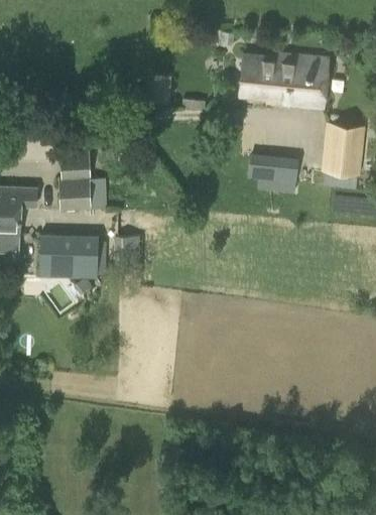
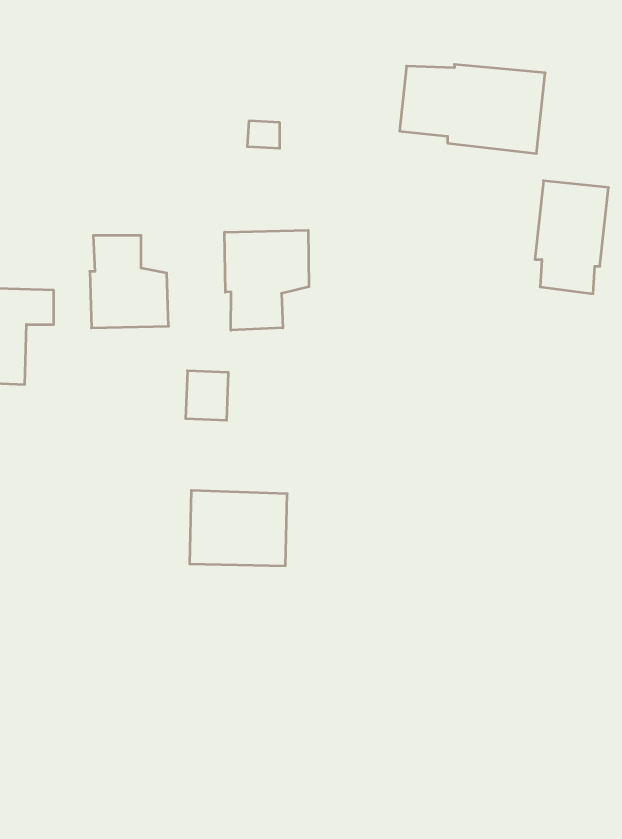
building: none -> [225,230,309,330]
building: [250,154,298,192] -> none
building: [41,234,99,278] -> [190,490,287,566]

